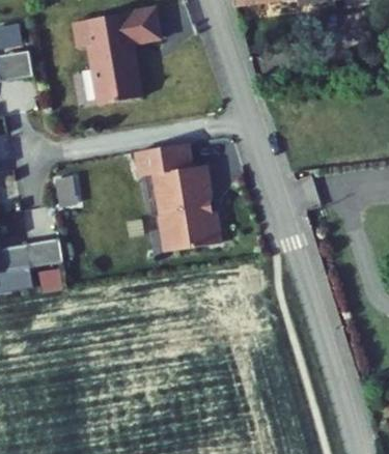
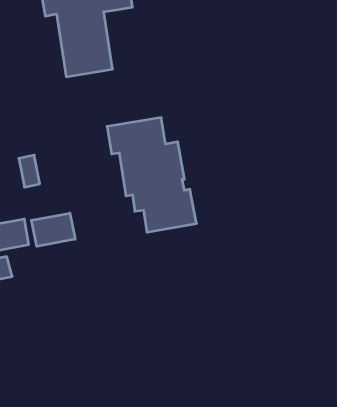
building: none -> [31,213,75,246]

